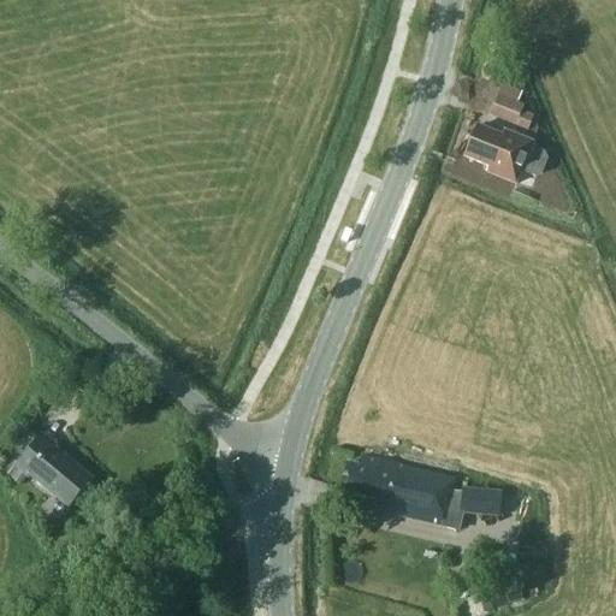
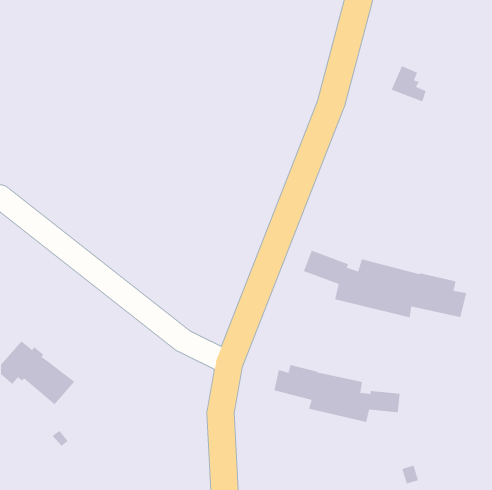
building: [466,124,547,182] -> none
building: none -> [303,250,467,318]

